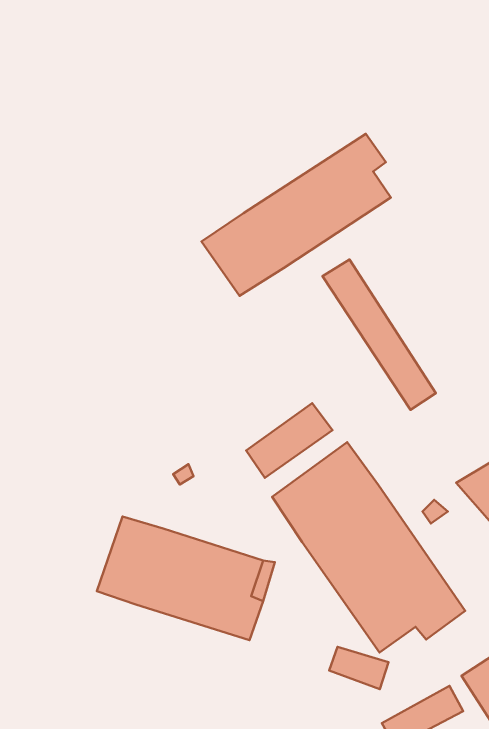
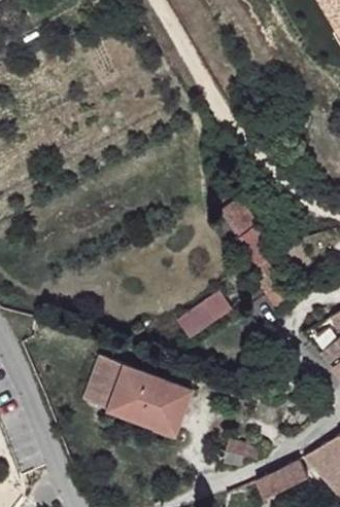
building: [202,134,391,296] -> none
building: [272,442,465,653] -> none

